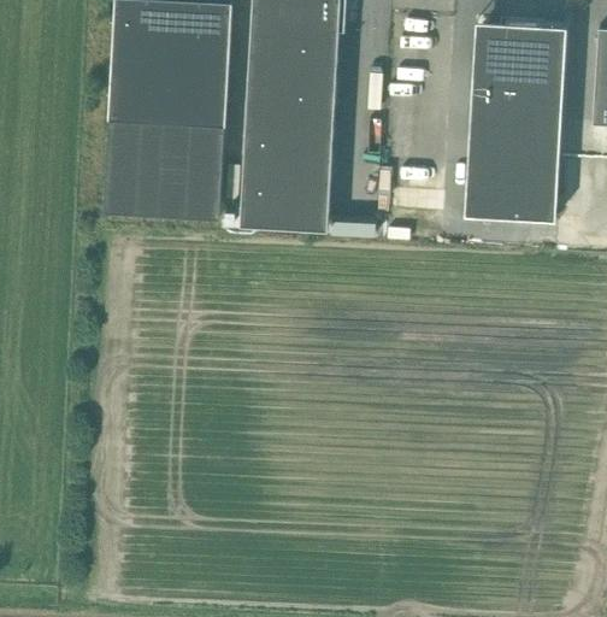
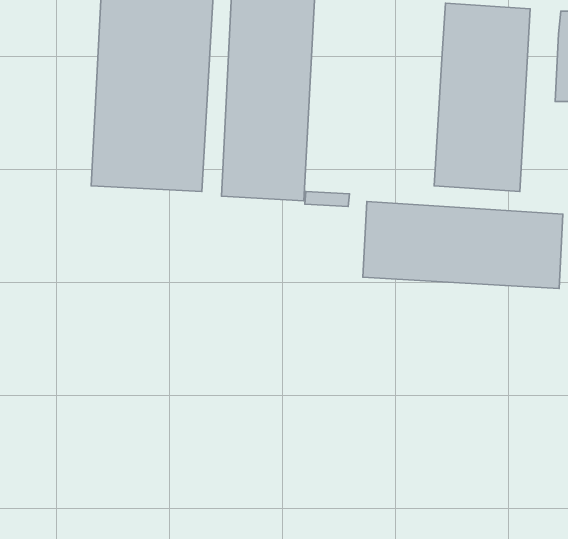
building: none -> [363,202,563,289]

